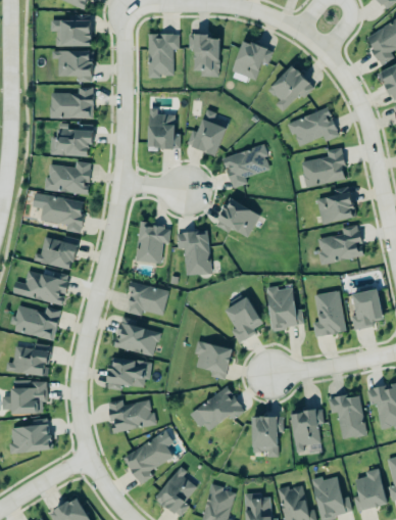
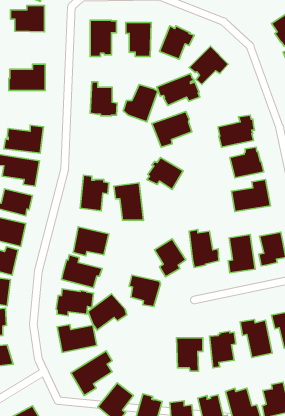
building: [51,49,93,81] -> none
building: [286,106,338,145] -> [157,73,200,106]
building: [49,123,92,155] -> none
building: [196,386,243,430] -> [88,294,127,330]

